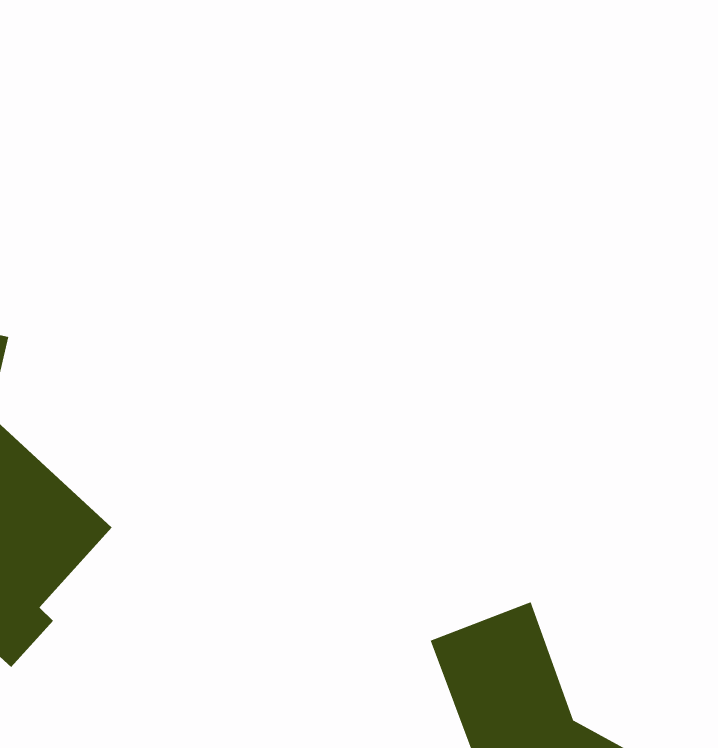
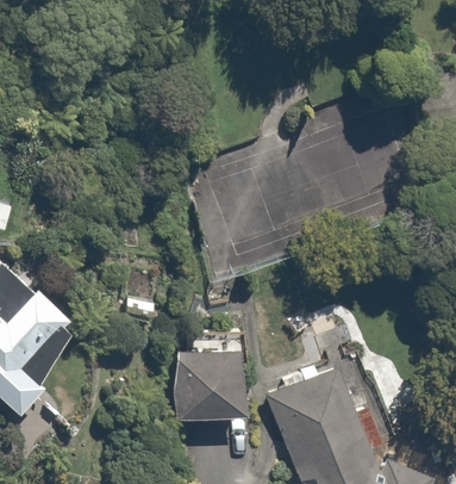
building: none -> [173,347,238,421]

